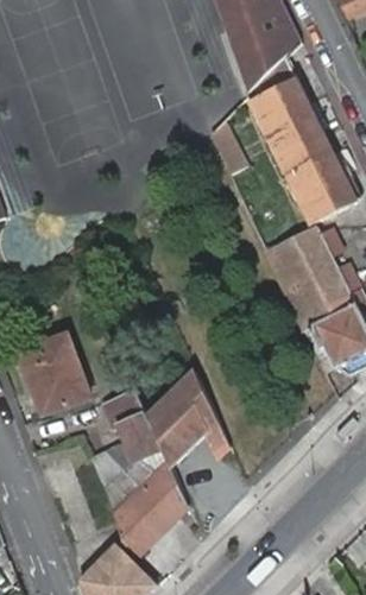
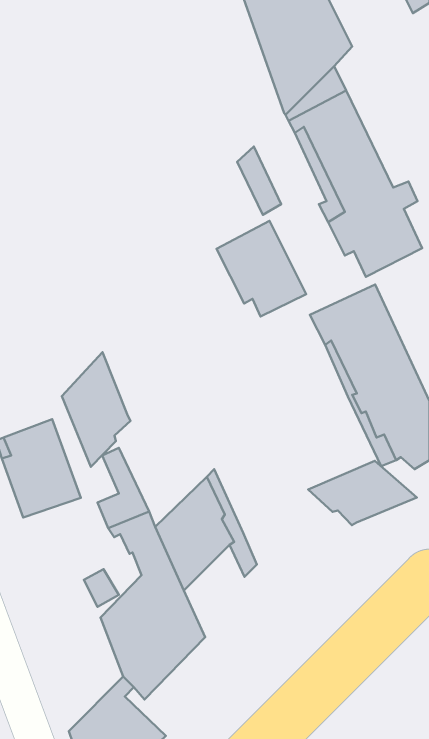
building: none -> [217,221,306,317]
building: none -> [62,352,131,467]
building: none -> [308,461,417,525]

